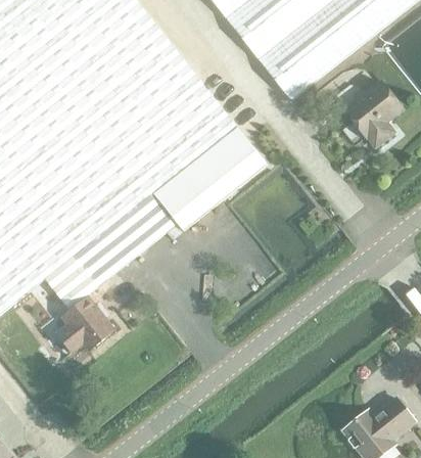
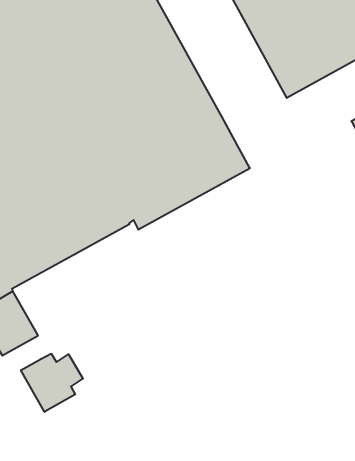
building: none -> [21,354,83,412]

